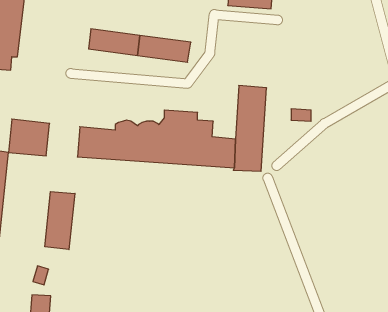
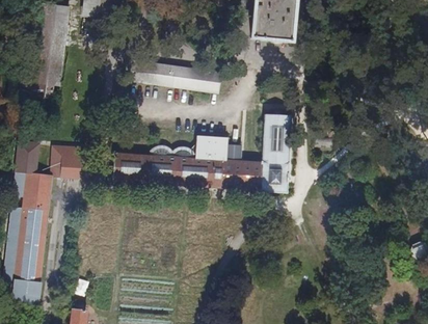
building: [45,192,75,250] -> none

